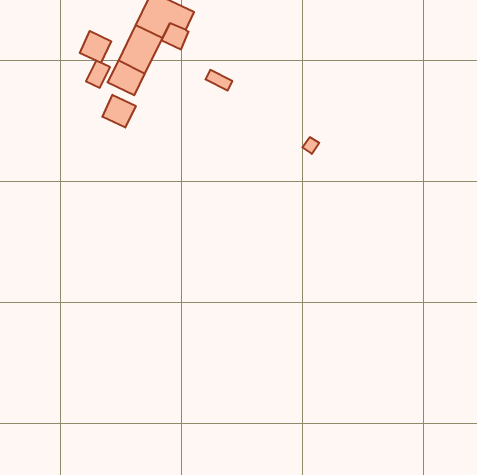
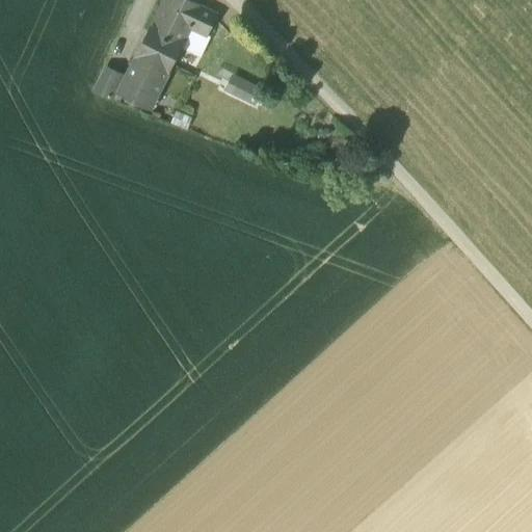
building: [80,31,111,63] -> none
building: [102,95,136,128] -> none

